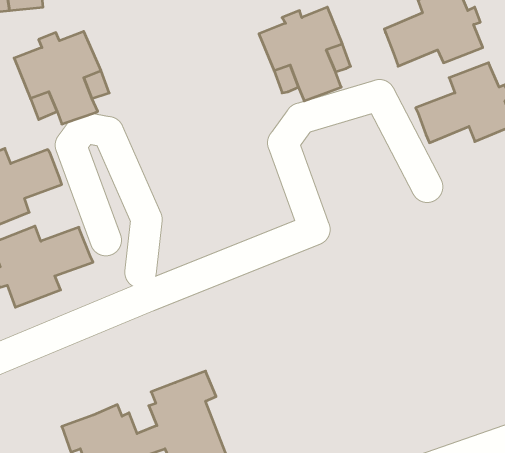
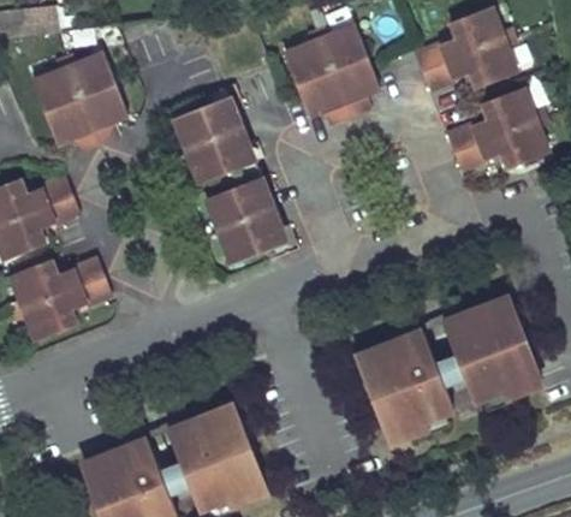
building: none -> [173,88,289,265]
building: none -> [356,299,534,439]

